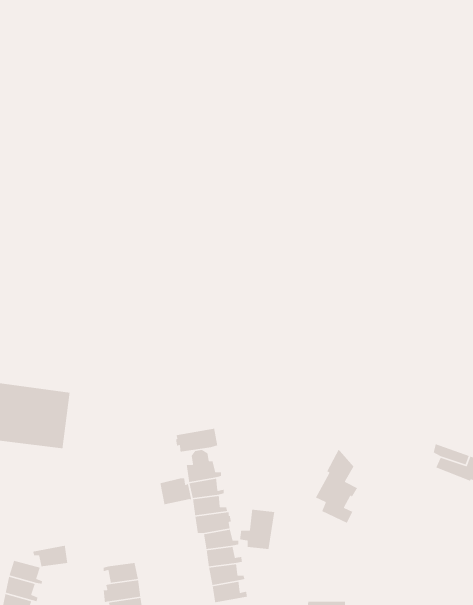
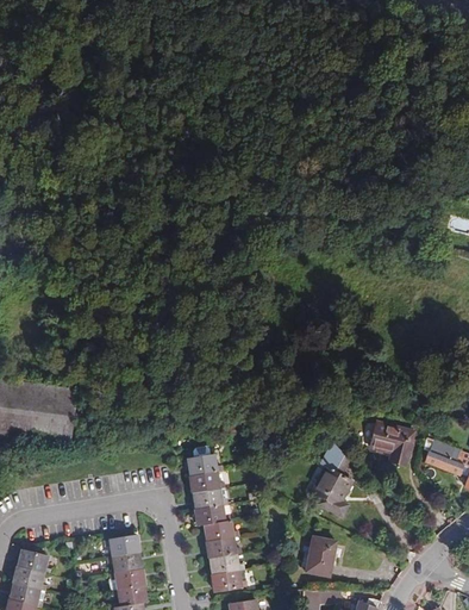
building: none -> [371,422,413,463]
building: [175,428,218,452] -> none
building: [160,477,192,505] -> none
building: [239,509,275,550] -> [300,536,334,575]
building: [32,545,68,567] -> [104,534,138,555]

